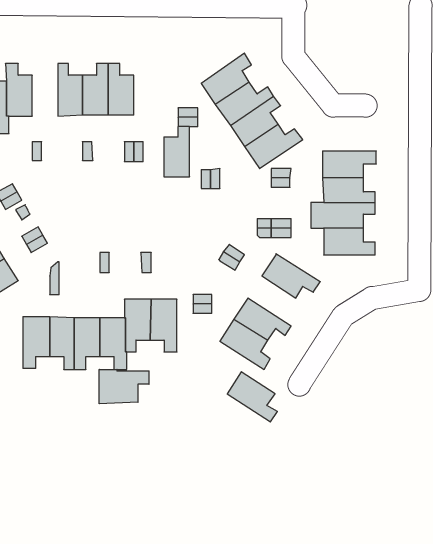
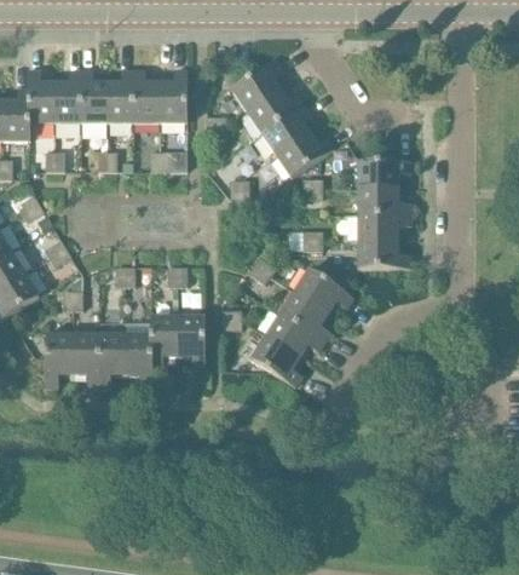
building: none -> [54,69,81,123]
building: [164,127,190,177] -> [160,70,186,122]
building: [99,369,149,404] -> none
building: [227,372,277,422] -> [278,289,330,341]

